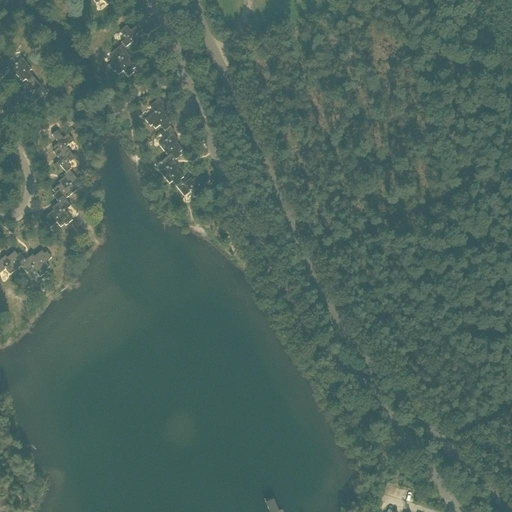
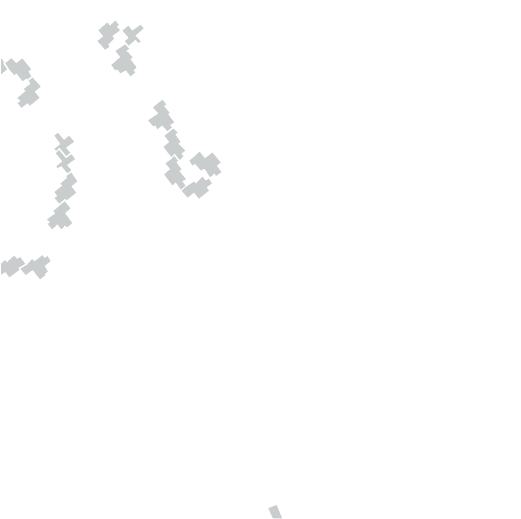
building: none -> [96,19,121,51]
building: none -> [188,151,223,179]

